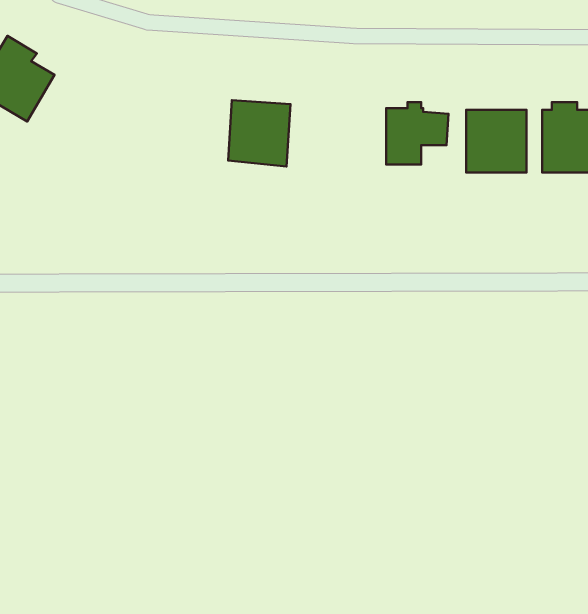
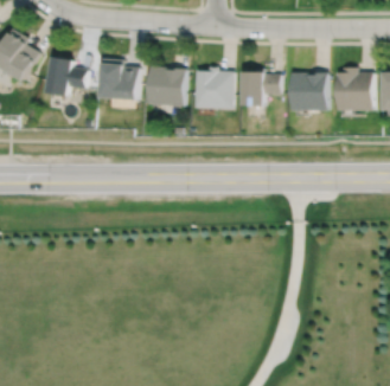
building: none -> [47,54,88,96]
building: none -> [101,58,138,99]
building: none -> [193,66,232,109]

